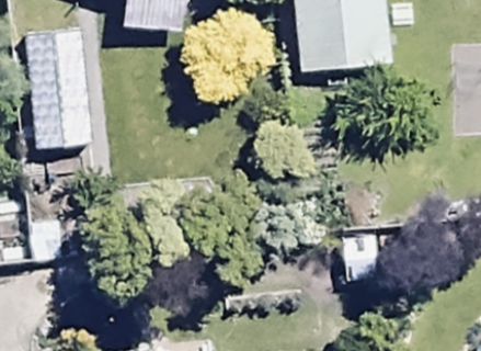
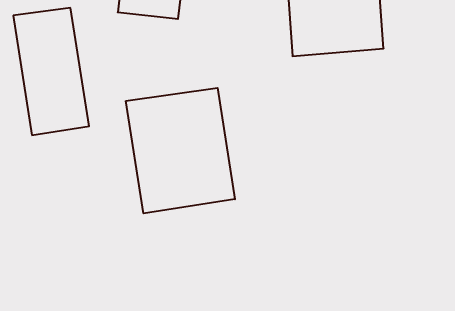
building: none -> [126,88,235,213]

